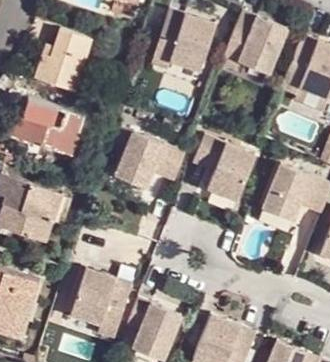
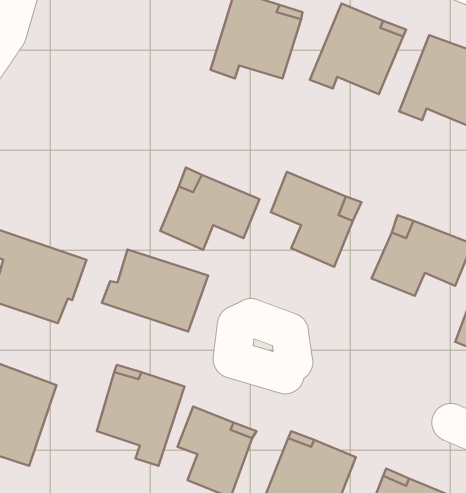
building: [39,28,95,91] -> none
building: [11,97,85,154] -> [102,250,208,332]

